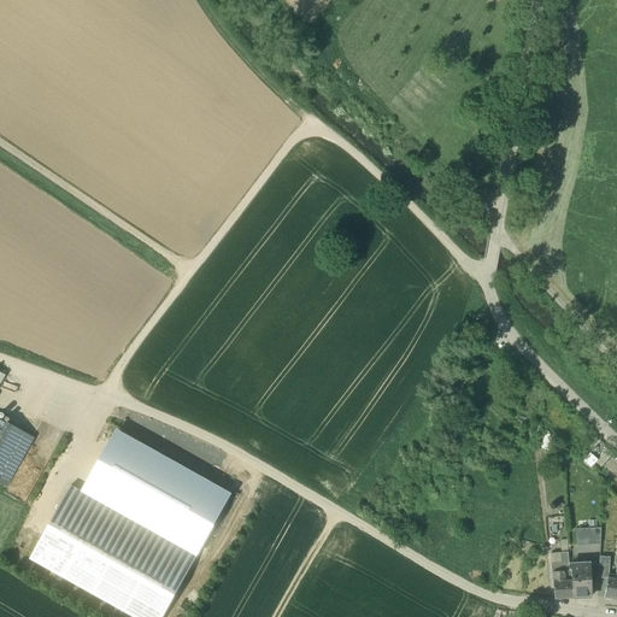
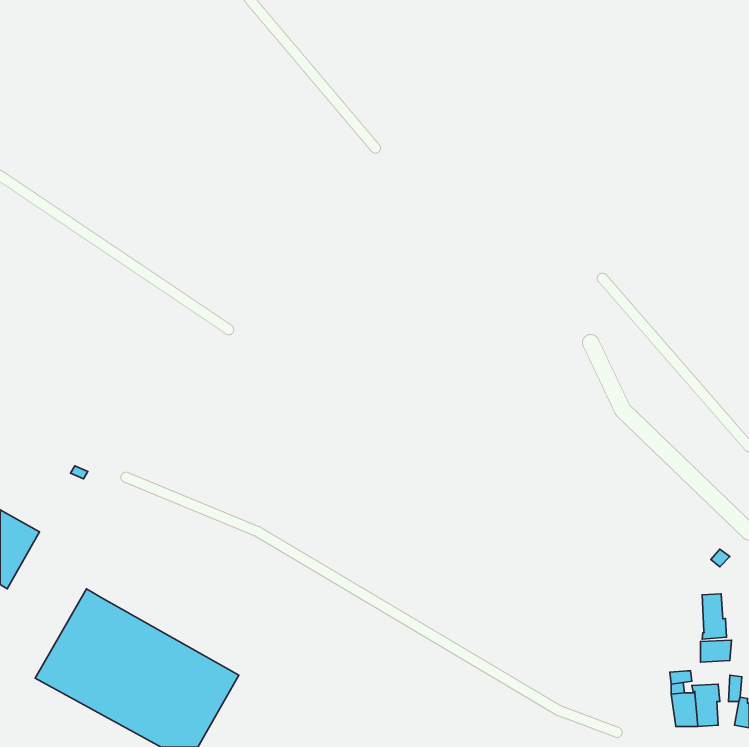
building: [83,430,231,556] -> none
building: none -> [702,594,726,639]

